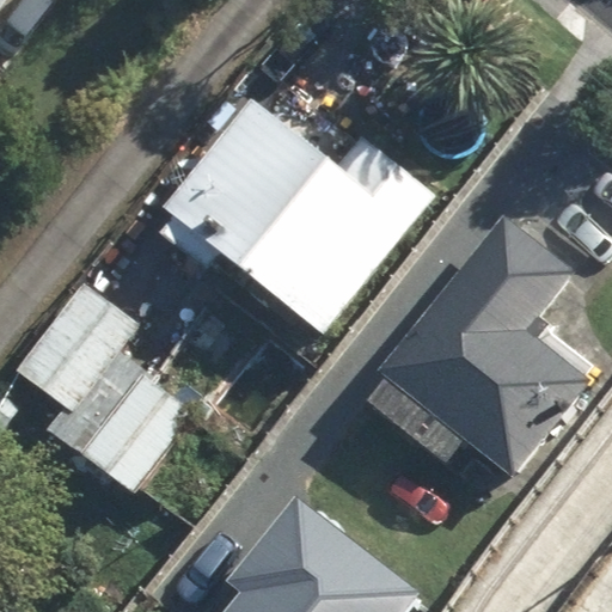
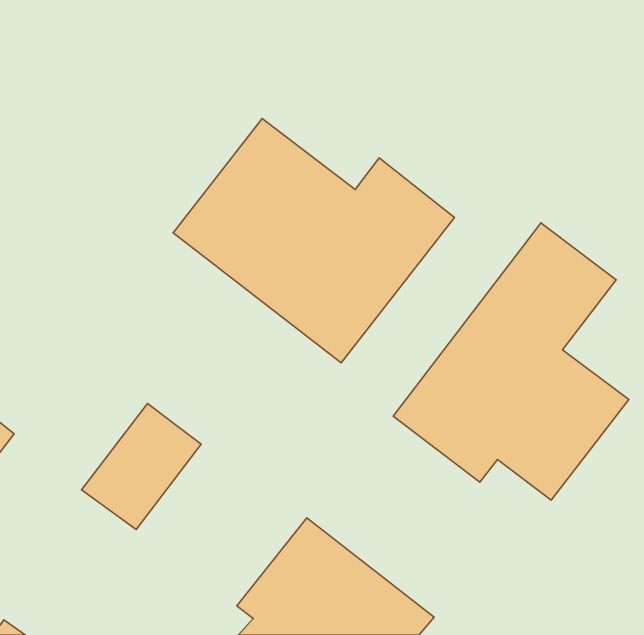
building: [12,287,139,460] -> none

